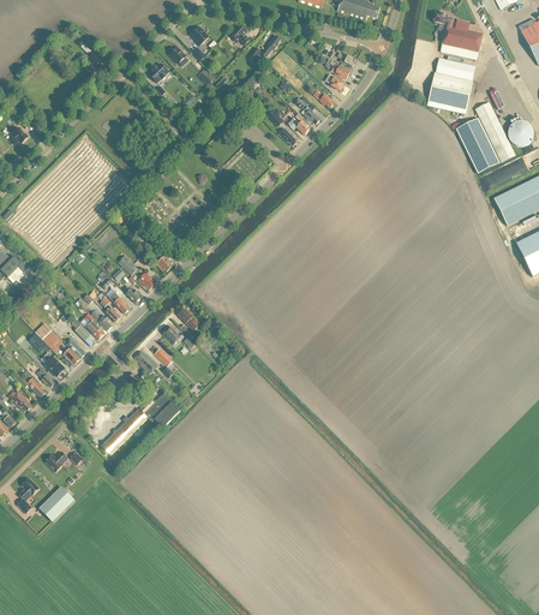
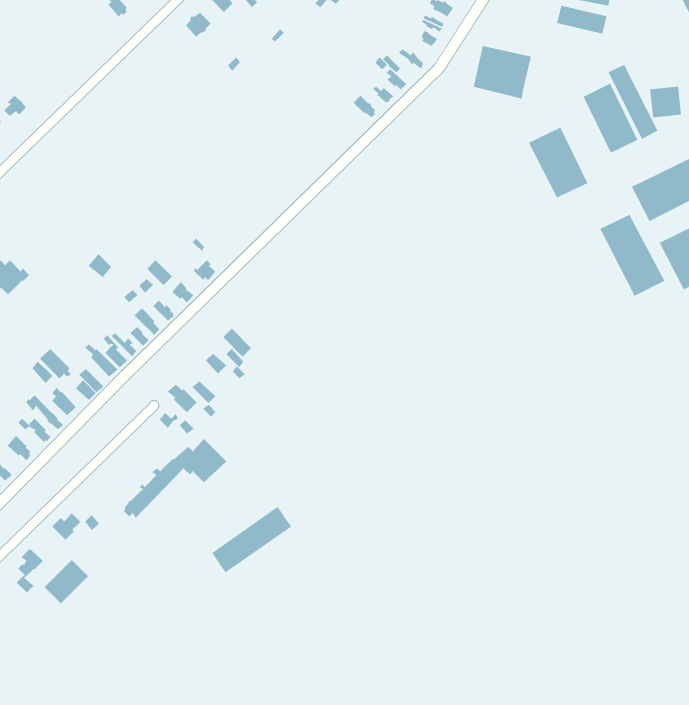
building: [427,71,473,113] -> [473,45,532,100]
building: none -> [528,127,589,198]
building: none -> [599,214,666,297]
building: none -> [211,506,292,574]

